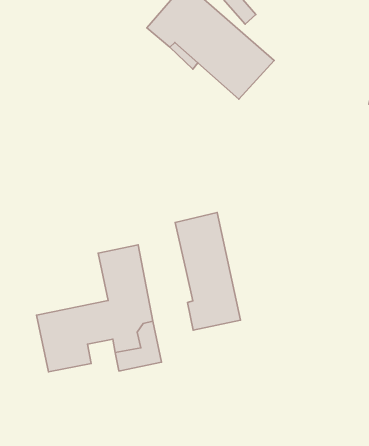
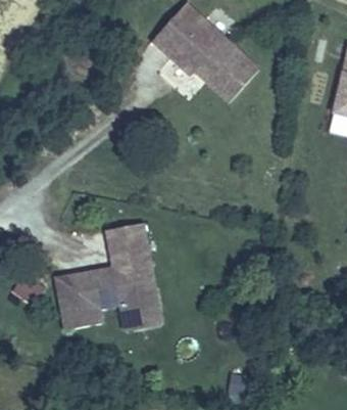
building: [175,212,241,330] -> none

